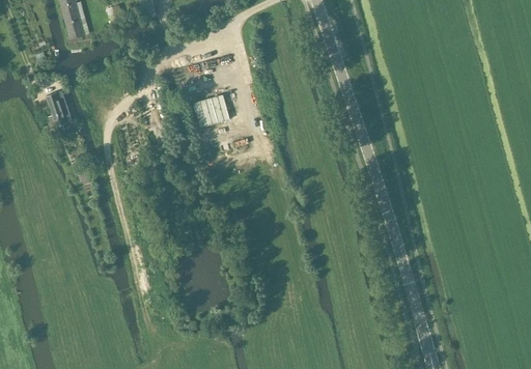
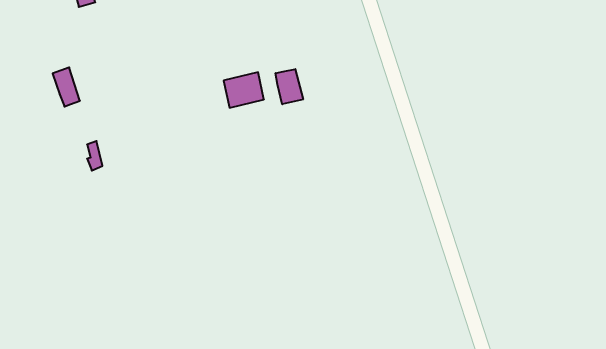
building: none -> [276,69,303,104]

